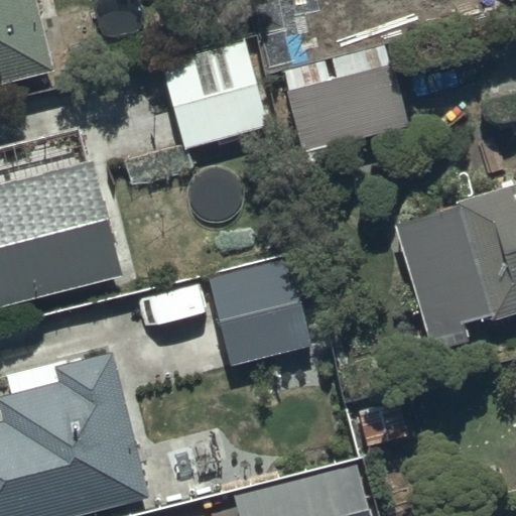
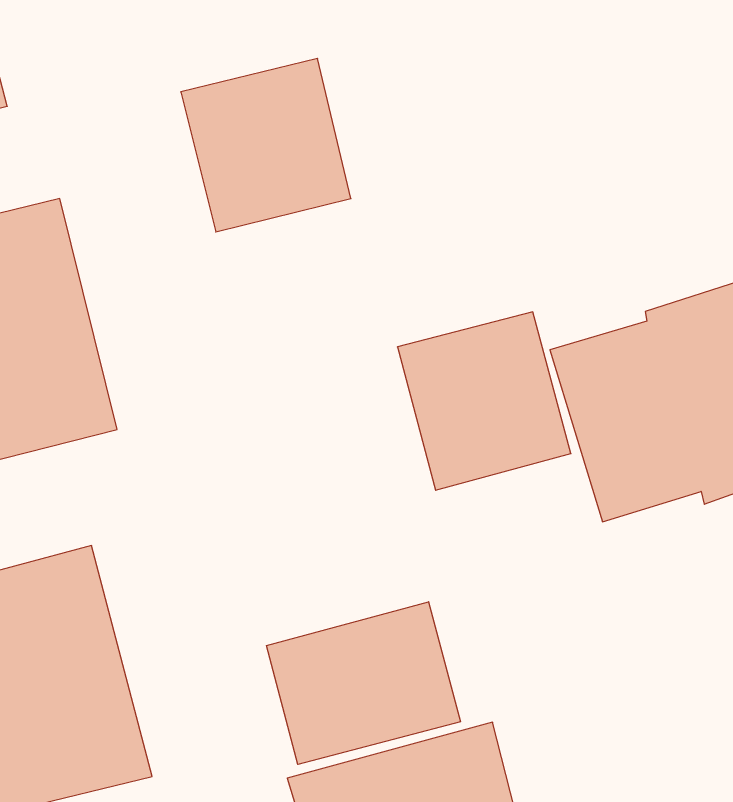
building: [278,45,409,185] -> none
building: [205,256,314,369] -> [397,312,571,490]
building: none -> [267,602,461,764]

